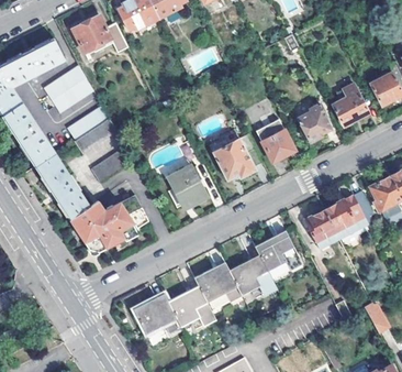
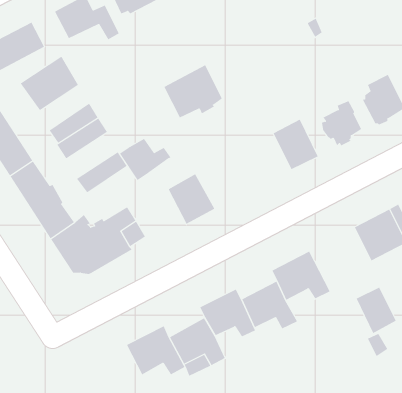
building: [213,133,263,178] -> [164,65,223,118]
building: none -> [119,138,171,181]
building: [304,210,338,250] -> [356,287,396,334]

